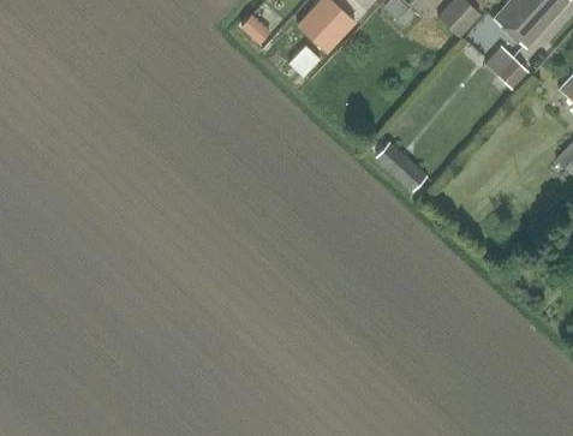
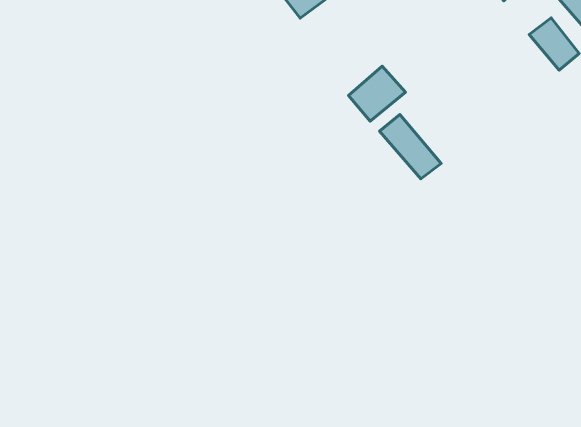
building: none -> [349,66,405,121]

